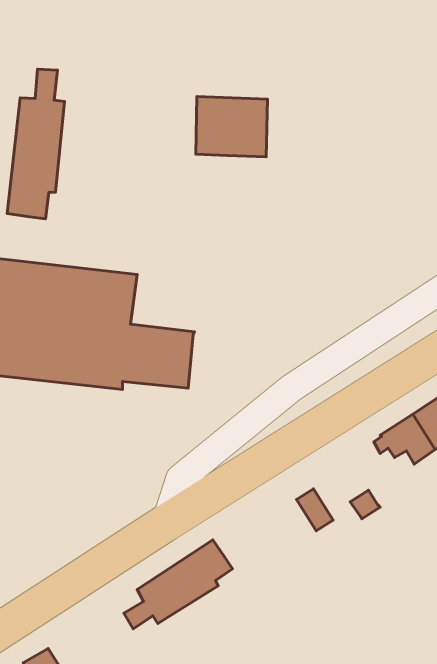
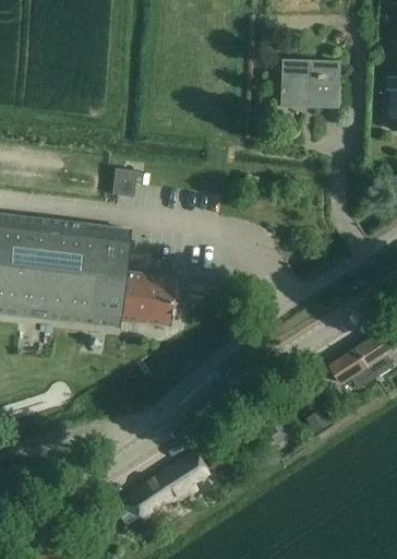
building: [7,69,64,219] -> none
building: [196,97,268,157] -> [280,58,340,108]
building: none -> [110,167,135,197]

